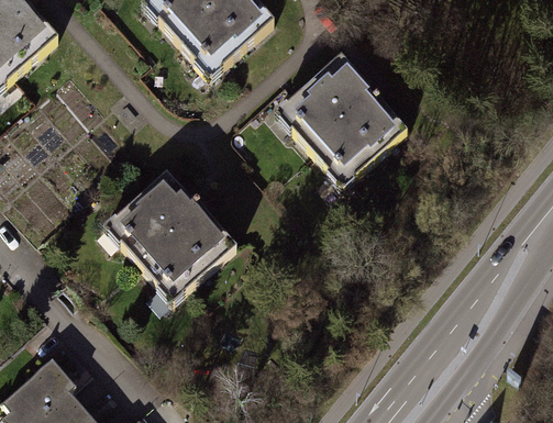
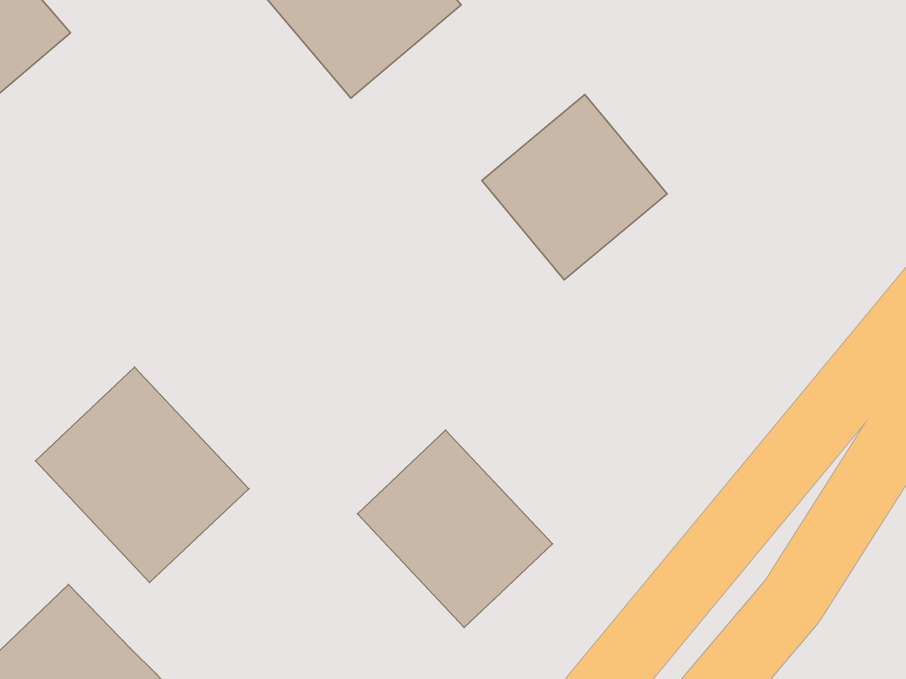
building: [109,171,234,298] -> [36,367,249,582]
building: none -> [357,430,552,627]

